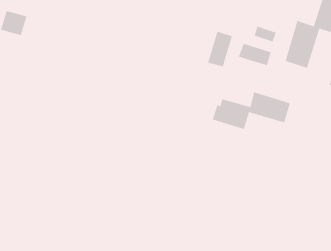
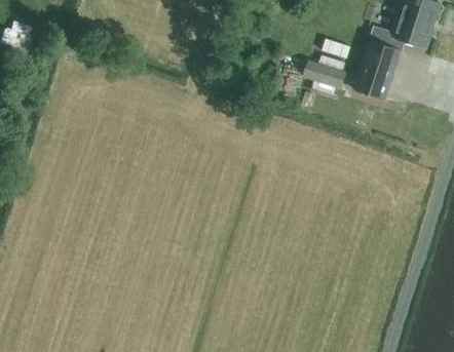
building: [207,31,232,67] -> none
building: [212,92,290,130] -> none

